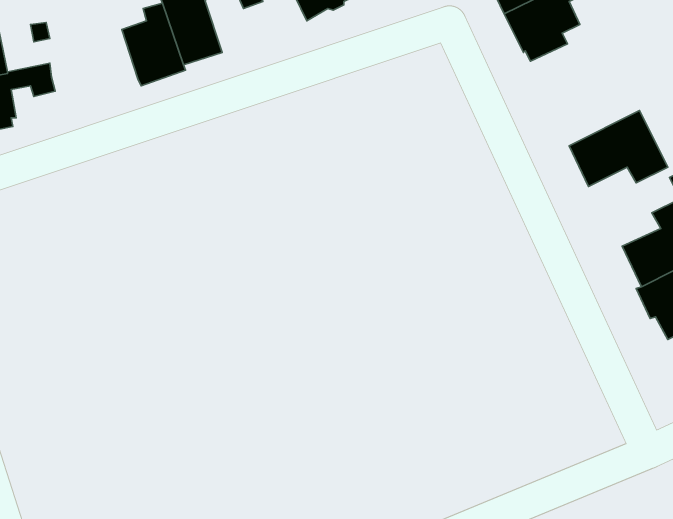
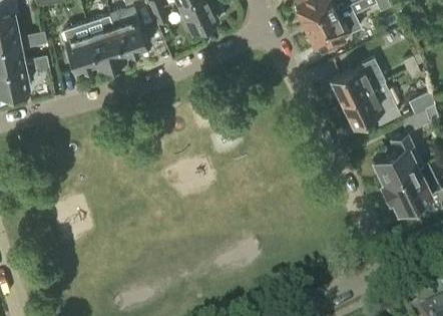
building: none -> [65,25,97,68]
building: none -> [331,55,383,99]

